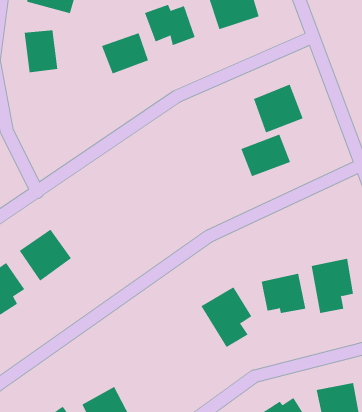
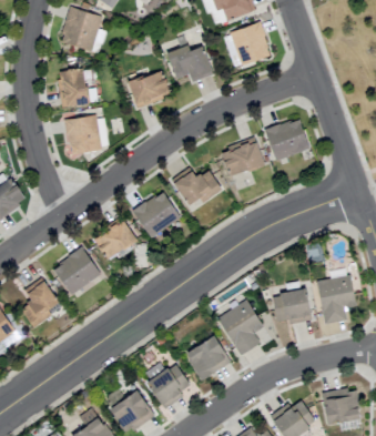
building: none -> [65,114,110,154]
building: [241,134,291,177] -> [220,138,265,176]
building: none -> [172,168,221,207]
building: none -> [134,192,180,236]
building: none -> [92,216,138,260]
building: none -> [185,335,232,381]
building: none -> [142,363,191,408]

